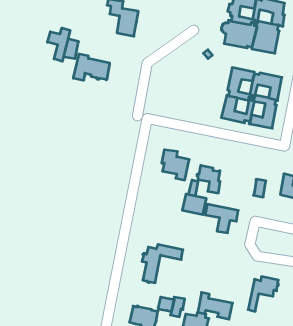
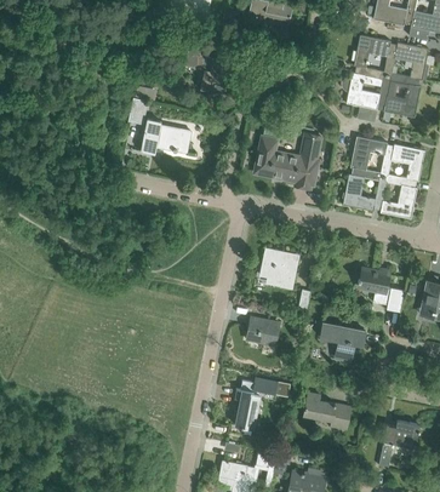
building: [47,28,70,61] -> none
building: none -> [255,133,321,189]
building: [197,165,220,193] -> [358,268,389,305]
building: [182,194,206,215] -> [246,317,279,345]
building: [198,292,233,319] -> [303,393,350,429]

